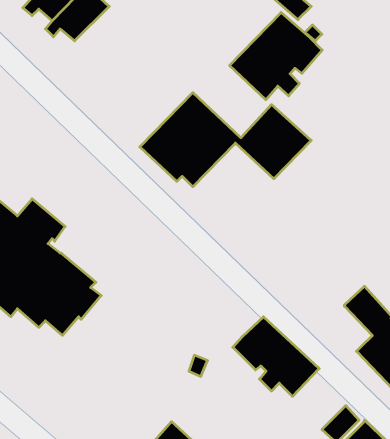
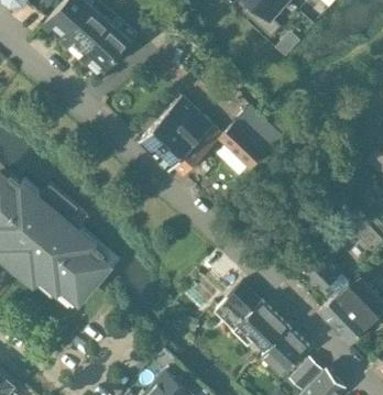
building: none -> [79,25,132,73]
building: [230,12,322,100] -> none
building: none -> [261,326,308,373]

